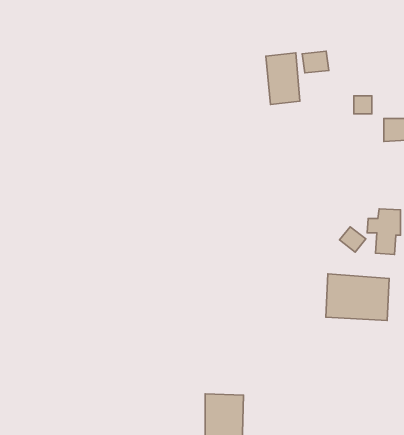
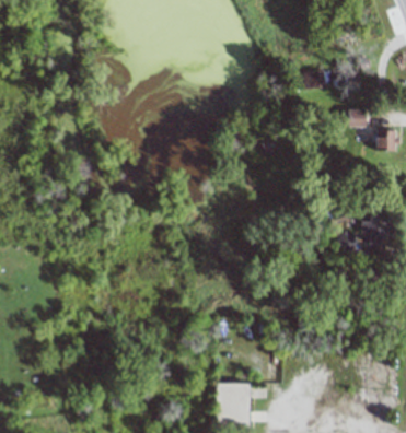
building: [266,53,300,105] -> none
building: [326,274,389,321] -> none

